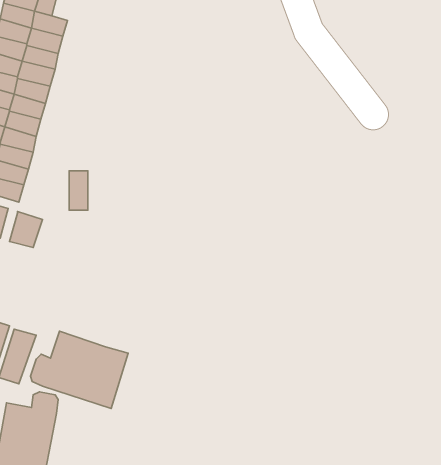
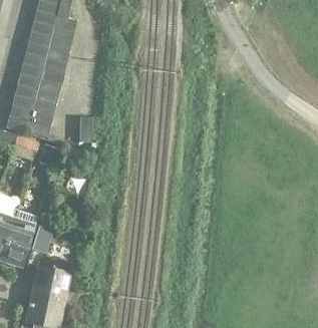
building: [31,331,128,408] -> none

